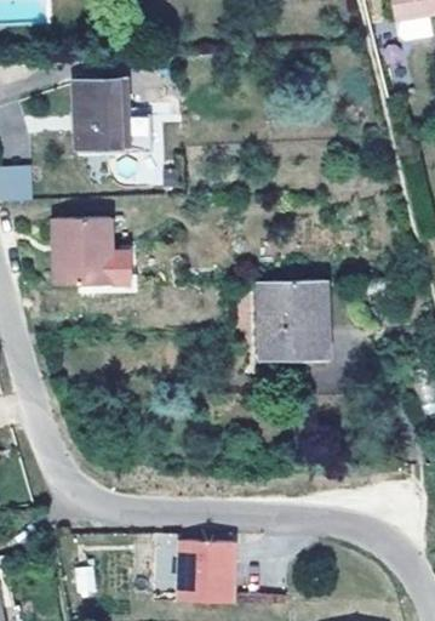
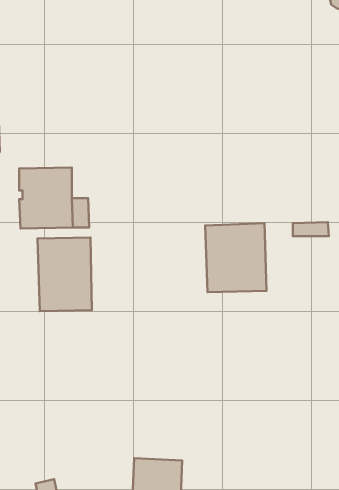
building: [74,79,172,153] -> none
building: none -> [38,237,92,311]

